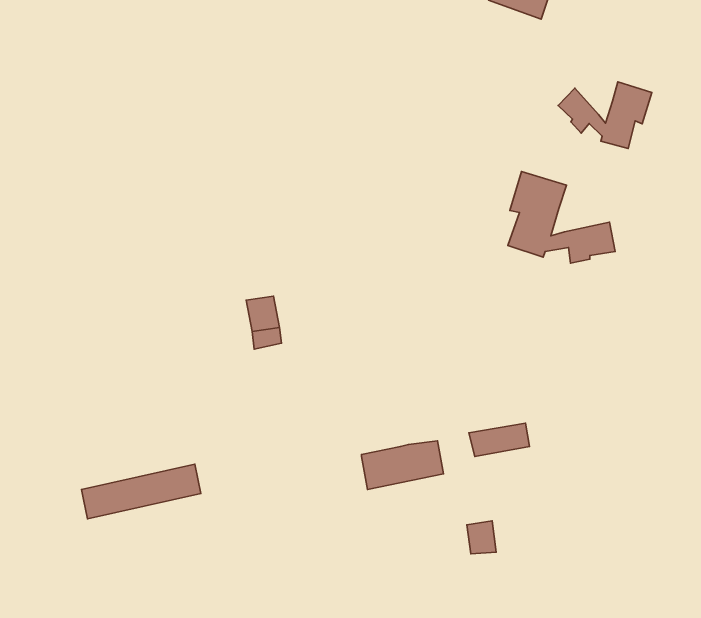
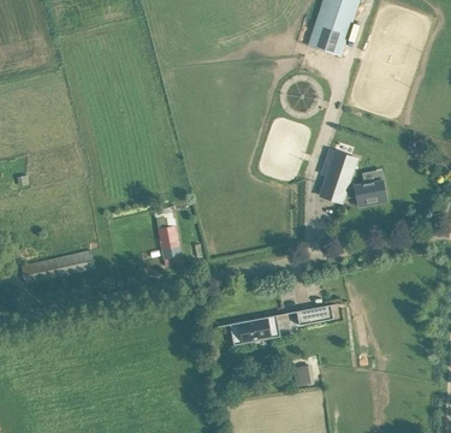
building: [558,82,652,148] -> none
building: [82,464,201,519] -> [22,250,95,284]

